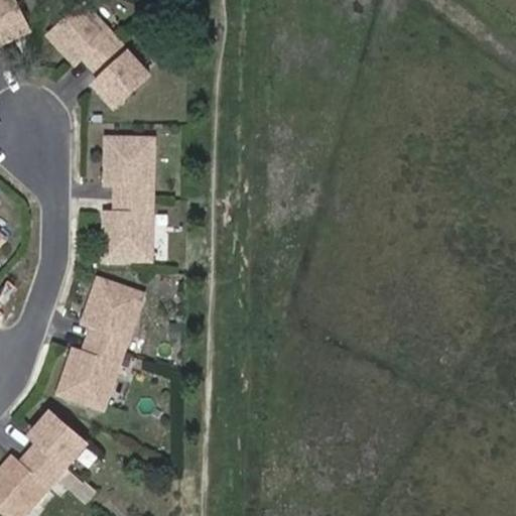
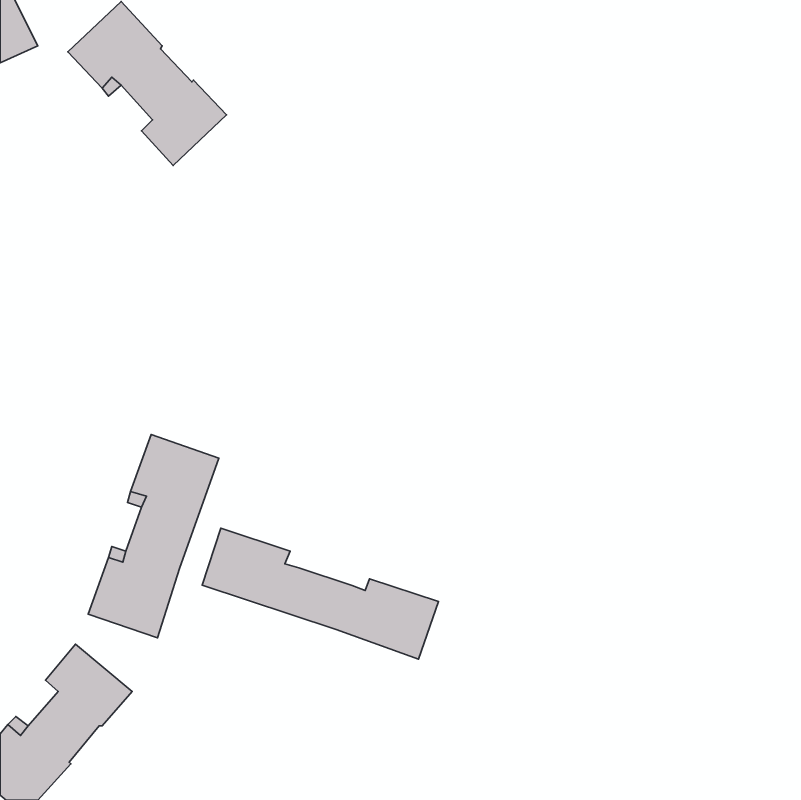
building: [103,136,151,259] -> none
building: none -> [202,528,438,659]

